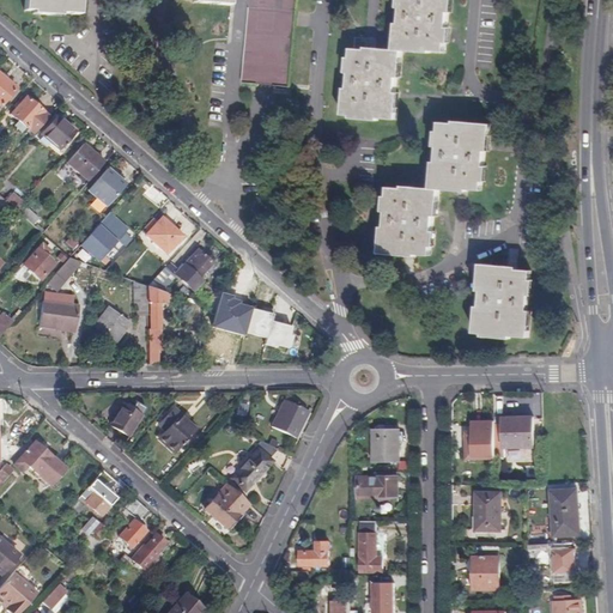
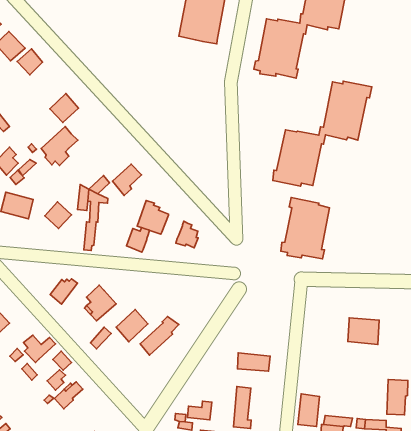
building: [63,142,102,181] -> none
building: [145,217,180,253] -> none
building: [474,261,530,336] -> [281,197,330,259]
building: [244,306,272,338] -> [126,228,150,252]
building: [273,400,311,438] -> none
building: [465,419,494,456] -> none
building: [372,427,399,460] -> none
building: [205,482,244,524] -> [116,309,148,342]
building: [477,490,500,529] -> [298,394,320,426]

